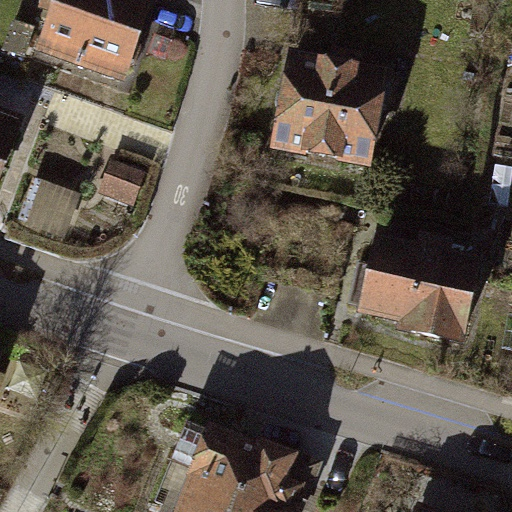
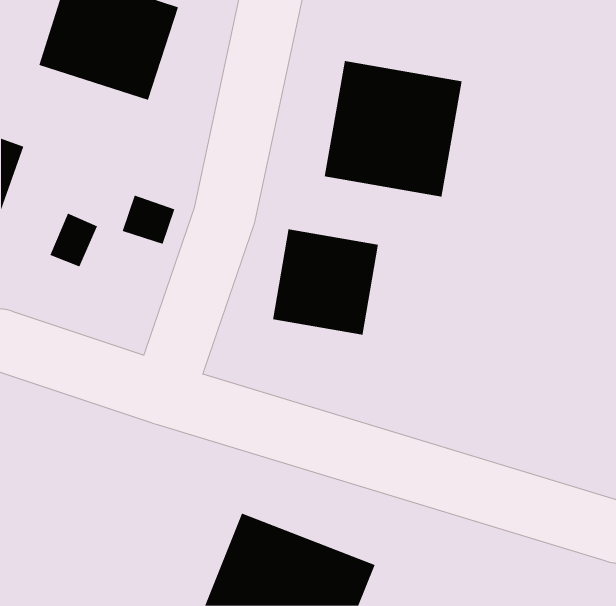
building: none -> [273,229,378,336]
building: [358,240,480,341] -> none

